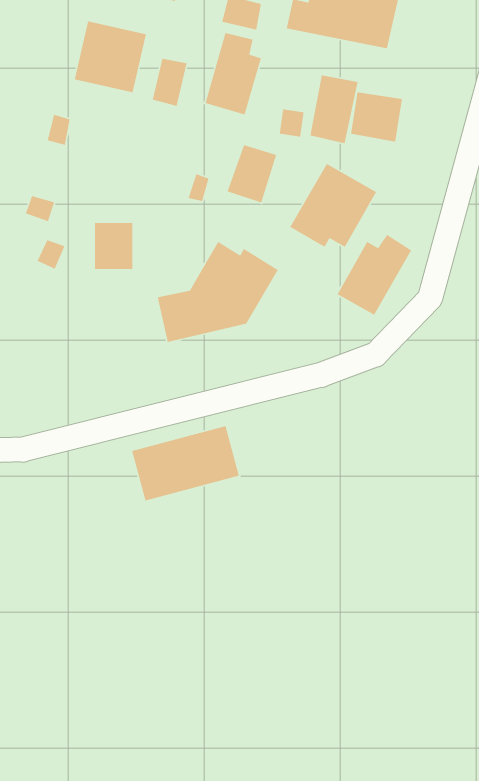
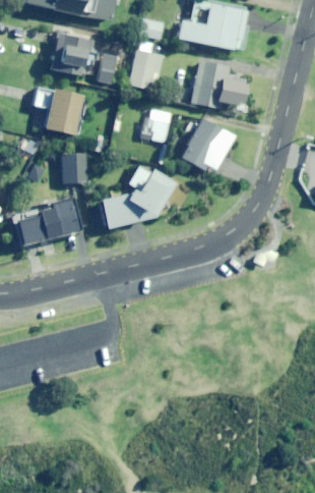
building: none -> [45,88,83,134]
building: [337,234,412,316] -> none
building: [131,425,240,501] -> [11,203,76,249]

